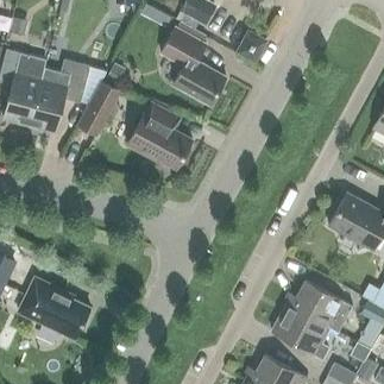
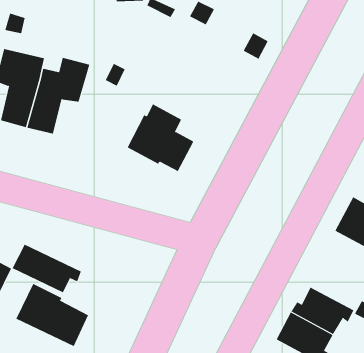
building: [160,27,227,106] -> none
building: [78,83,121,136] -> none
building: none -> [12,244,81,293]

